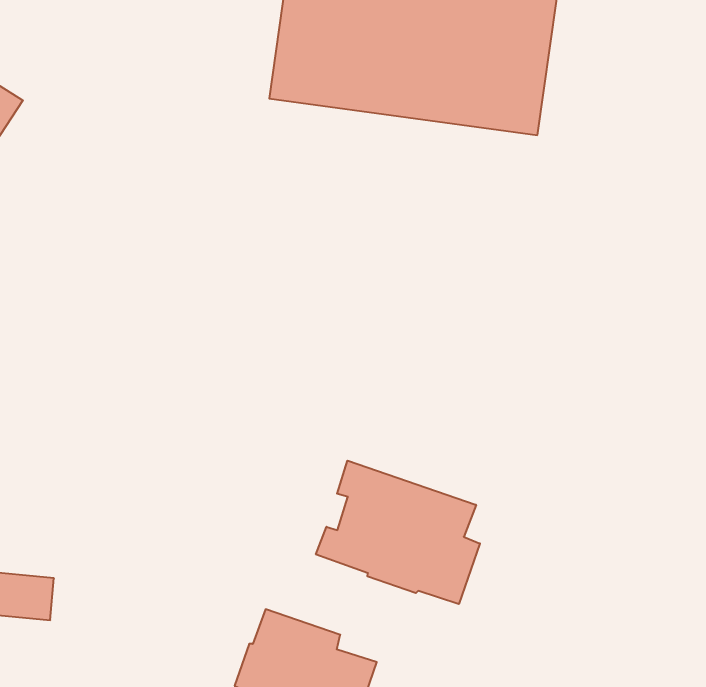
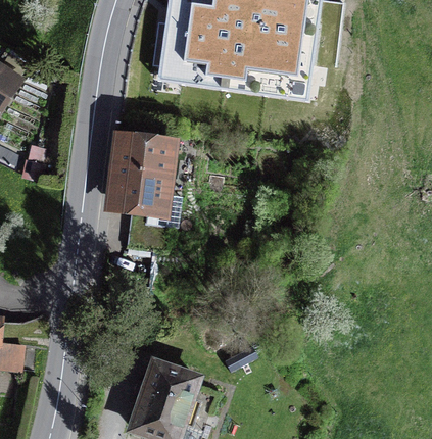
building: none -> [113,137,179,246]
building: [316,461,480,604] -> none

